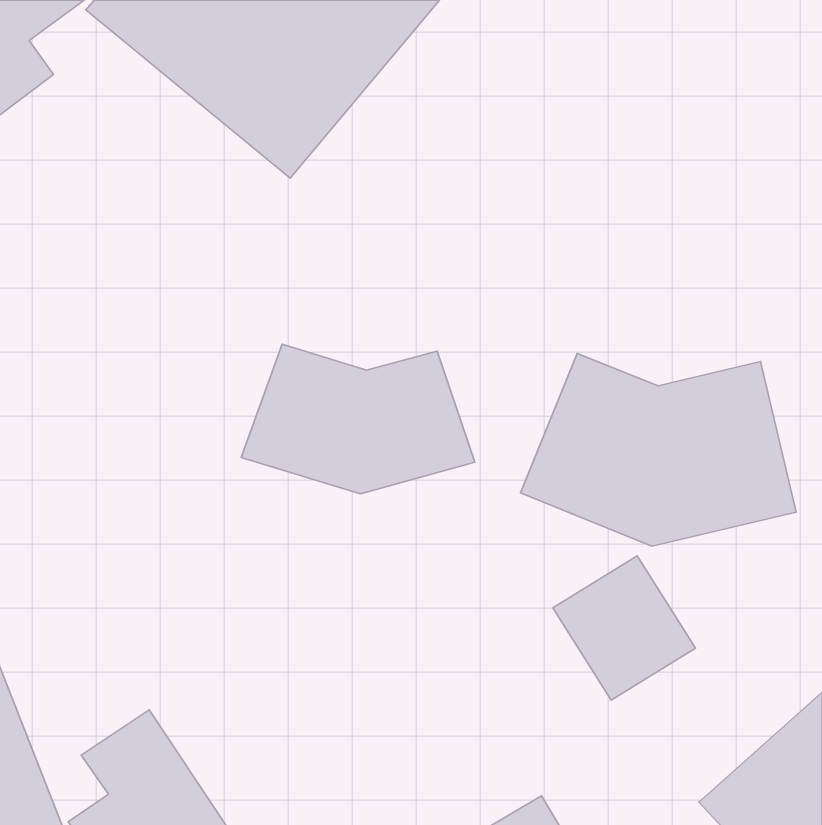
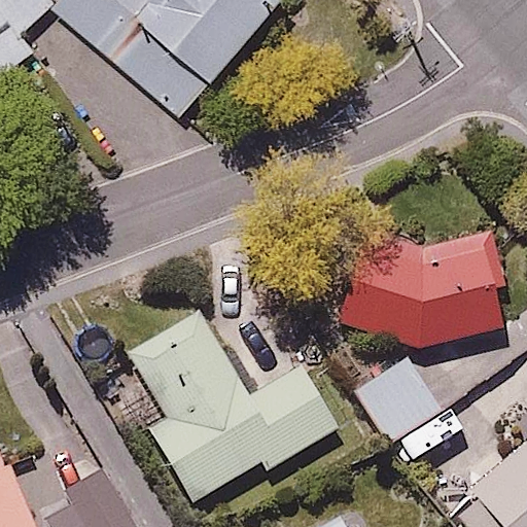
building: [241,344,475,494] -> none
building: none -> [129,310,342,511]

